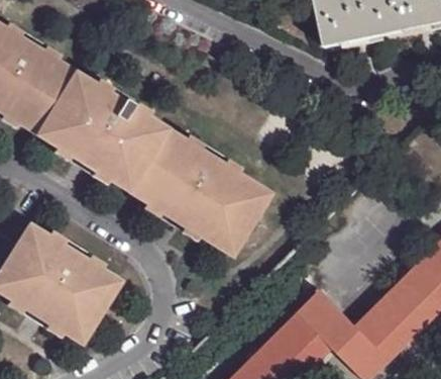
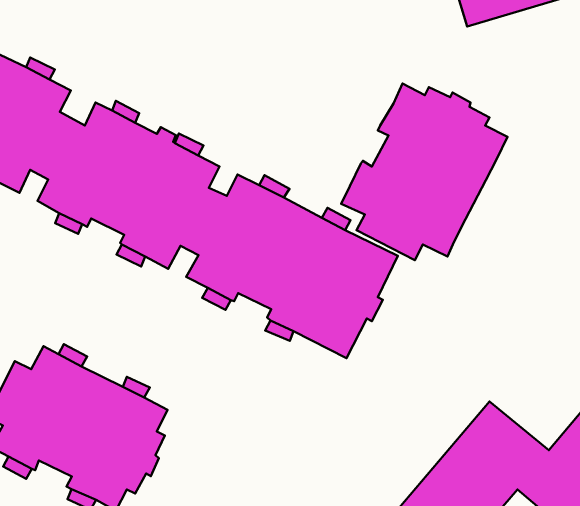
building: none -> [341,84,508,260]

